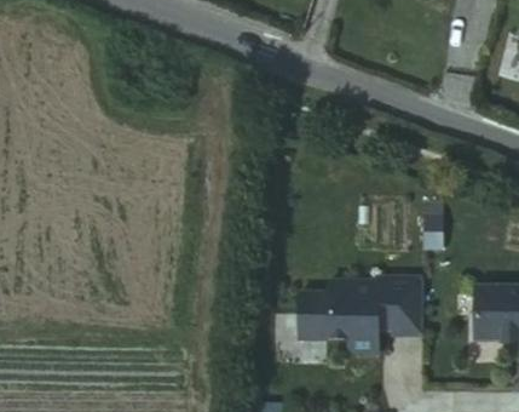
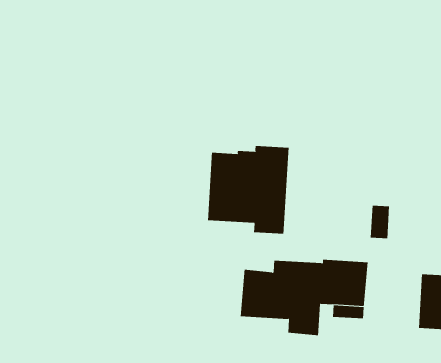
building: none -> [208,145,289,235]

